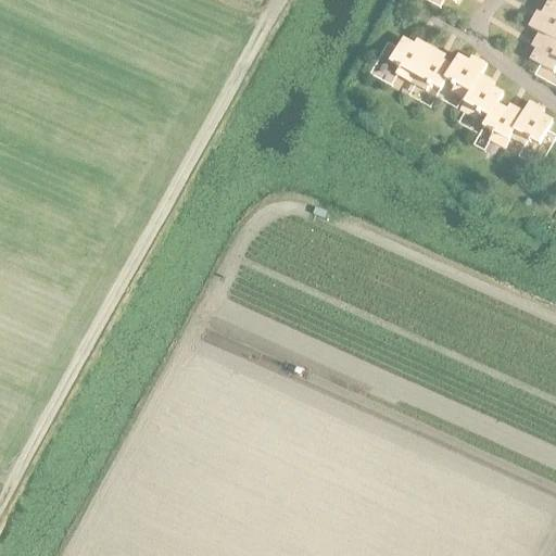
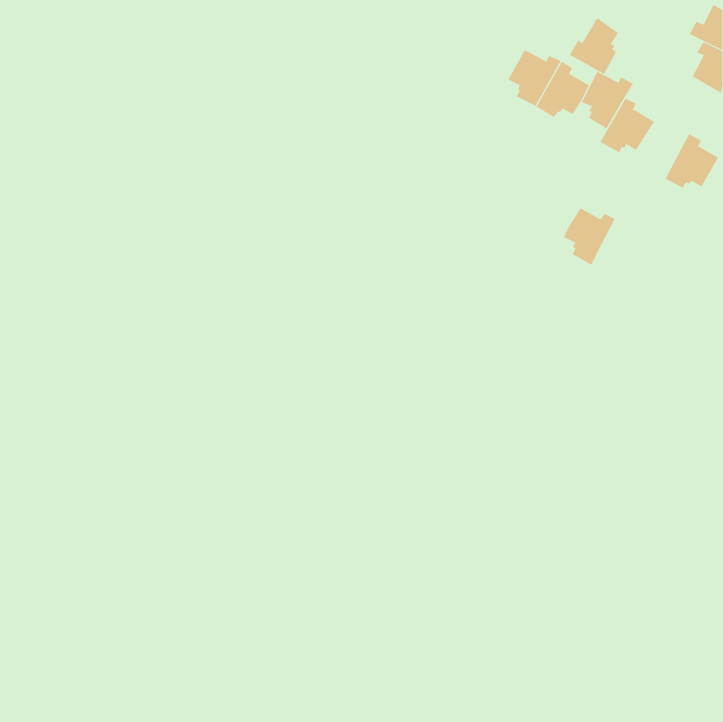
building: none -> [569,17,619,75]
building: [482,103,522,148] -> [563,207,616,266]

